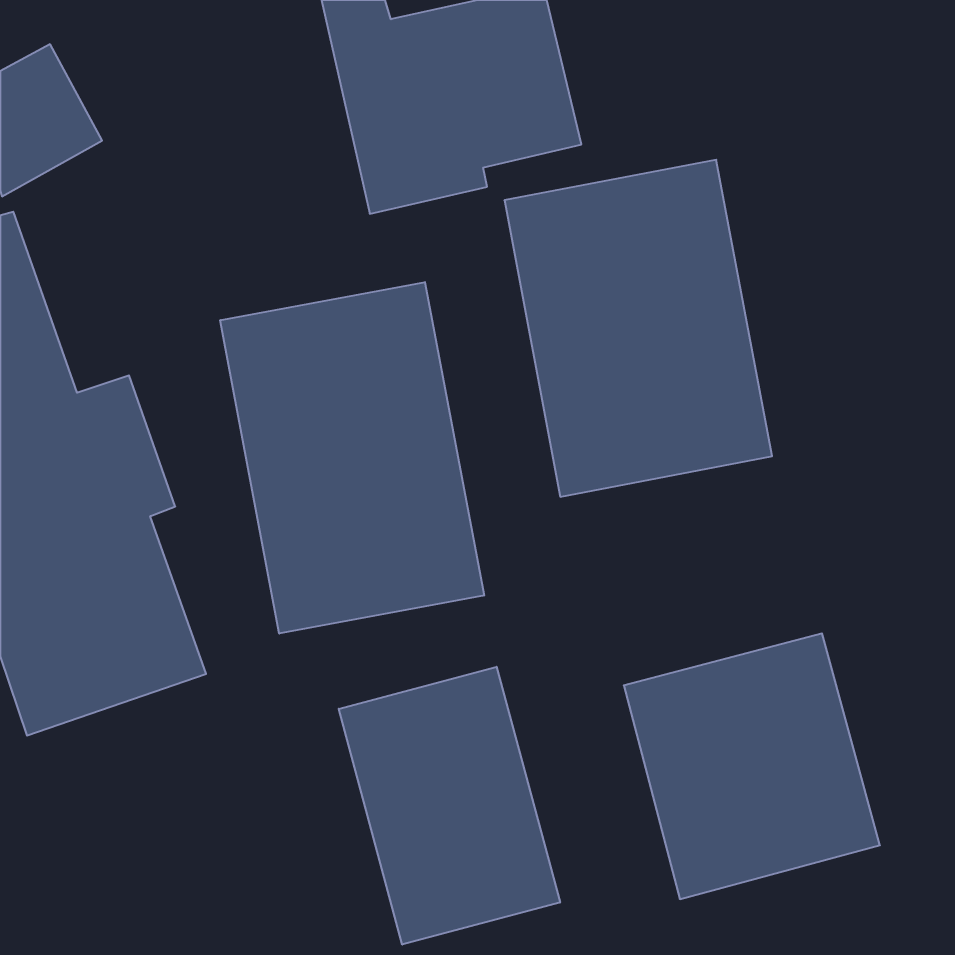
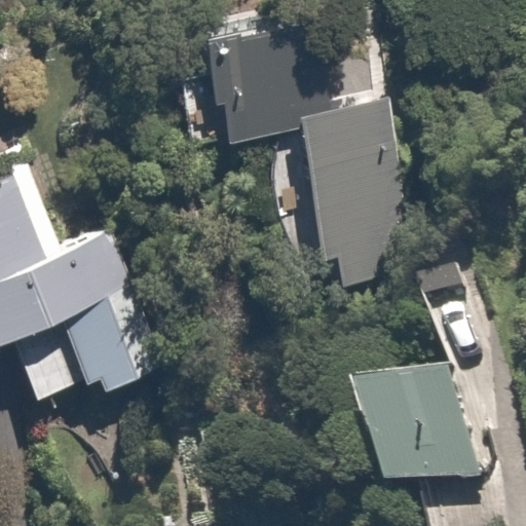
building: [220,282,484,634] -> none
building: [339,667,560,945] -> none

